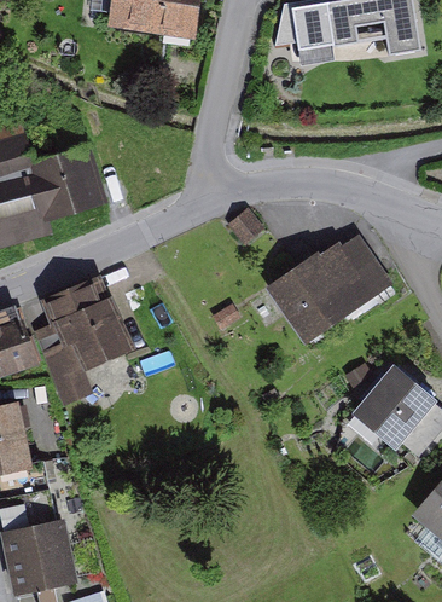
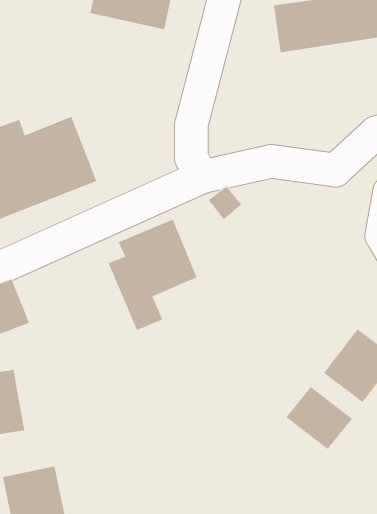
building: [275,238,390,345] -> none
building: [33,284,130,406] -> [108,219,197,331]
building: none -> [286,386,353,450]

